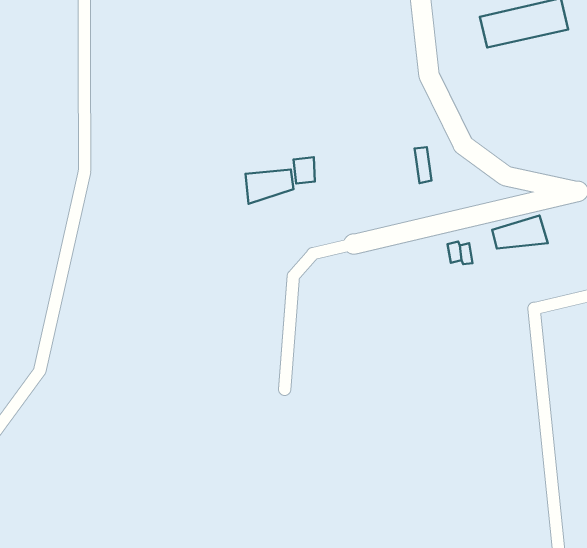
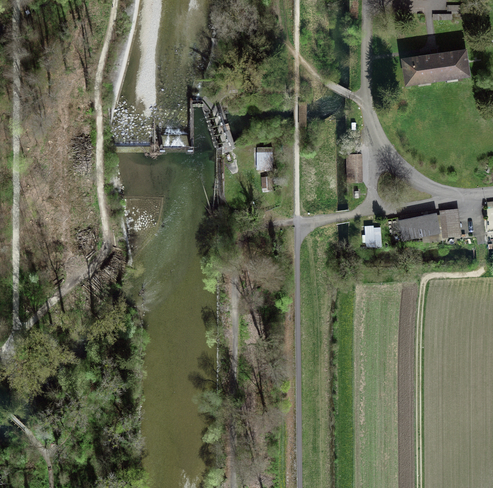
building: [245,169,294,204] -> none
building: none -> [440,209,458,234]

